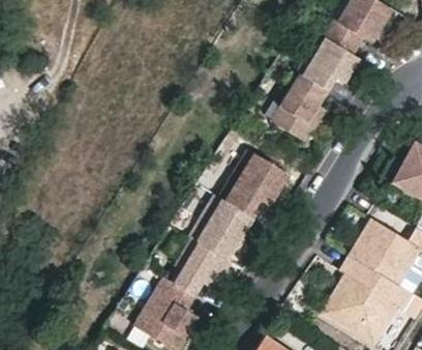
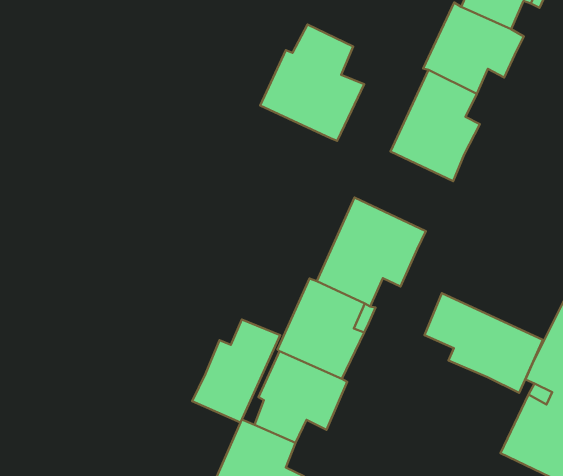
building: none -> [260,25,364,141]
building: none -> [425,293,543,393]
building: none -> [192,320,280,422]

